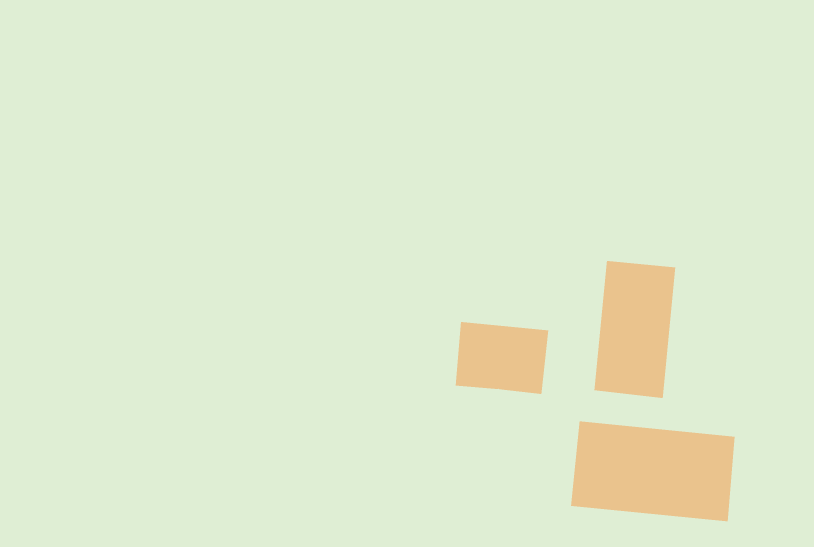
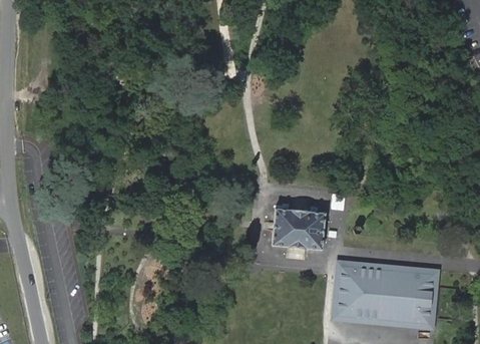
building: [594,260,676,399] -> none

